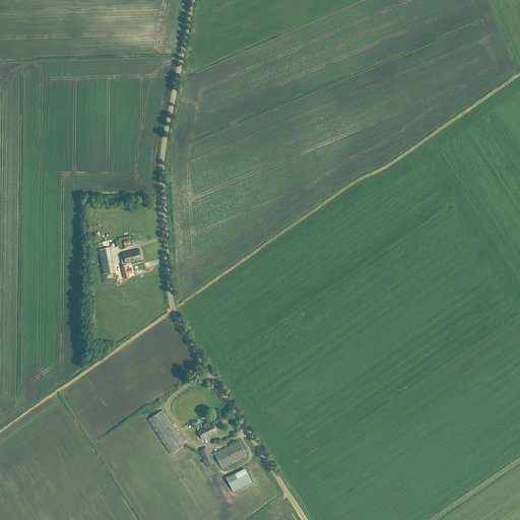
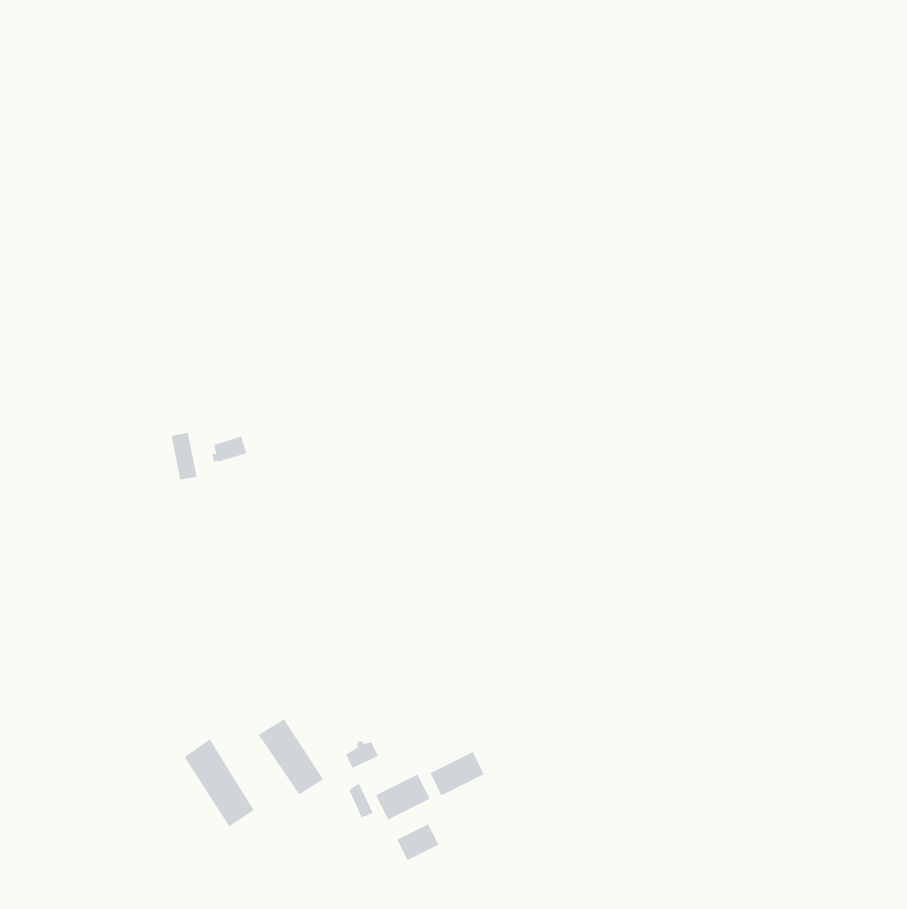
building: none -> [184,738,255,827]
building: none -> [430,751,485,796]

